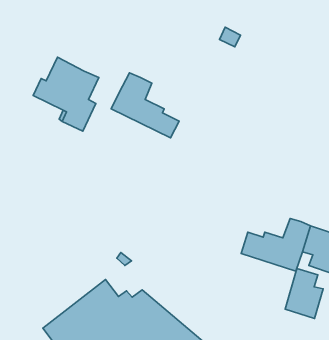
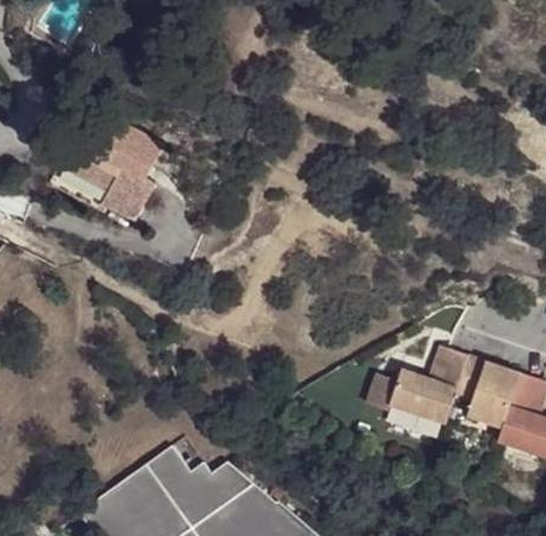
building: [111,73,179,138] -> none
building: [285,268,323,319] -> none

